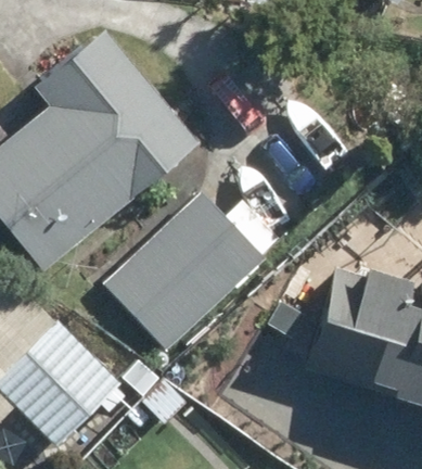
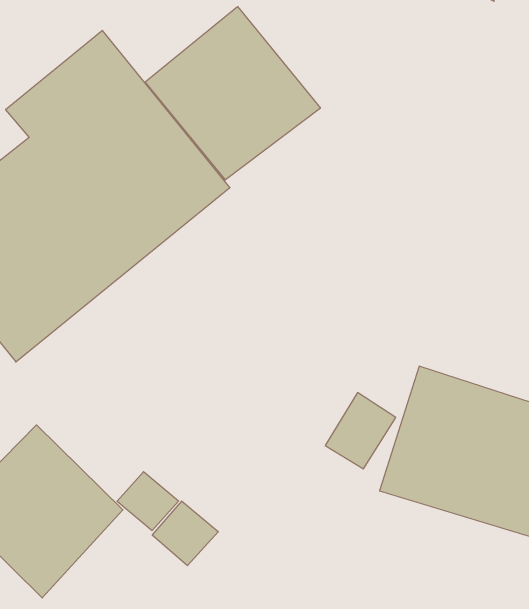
building: none -> [145,7,320,180]
building: [105,189,265,347] -> none

